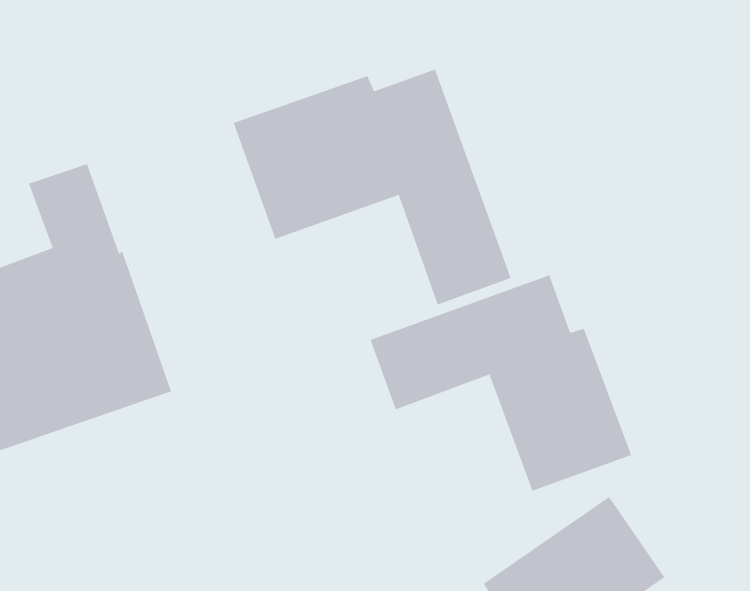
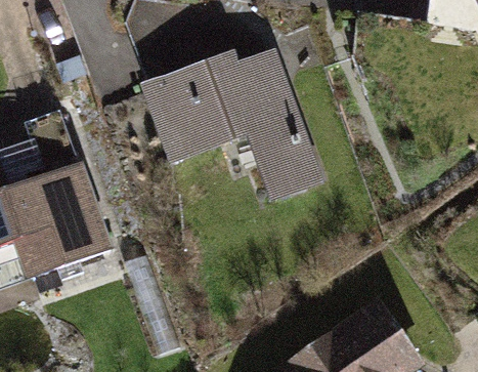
building: [370,274,632,492] -> none

